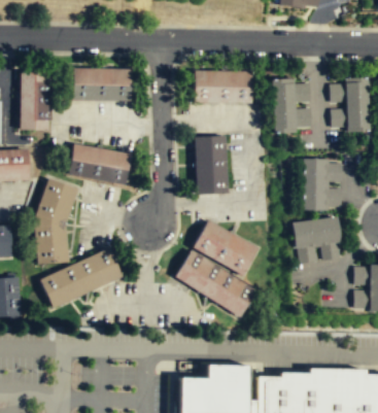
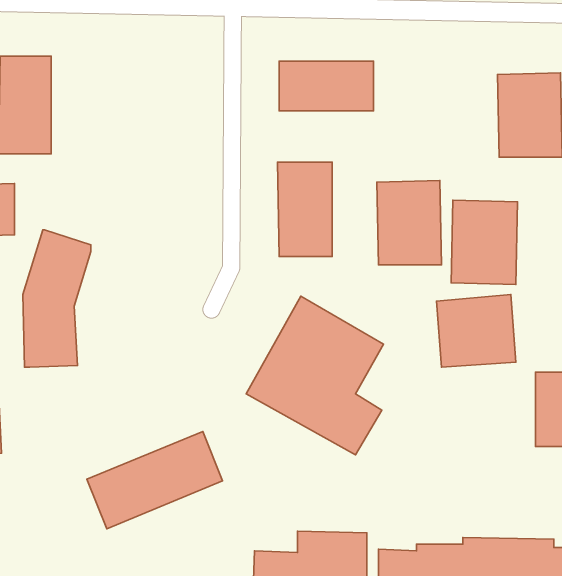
building: [72,67,131,101] -> none
building: [272,79,312,132] -> [377,181,441,265]
building: [68,143,132,183] -> none
building: [40,247,125,308] -> [87,431,223,529]

